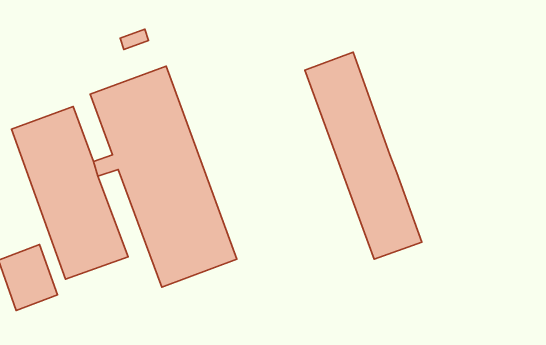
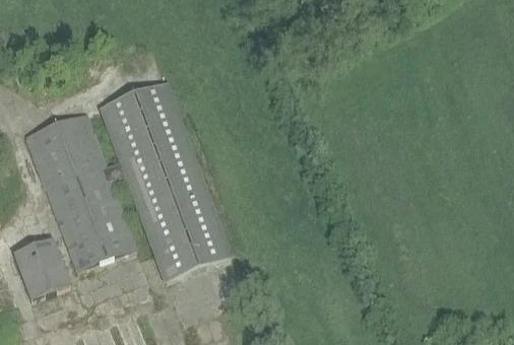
building: [305,52,422,259] -> none

